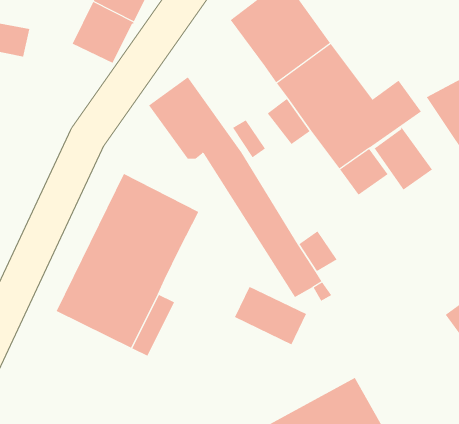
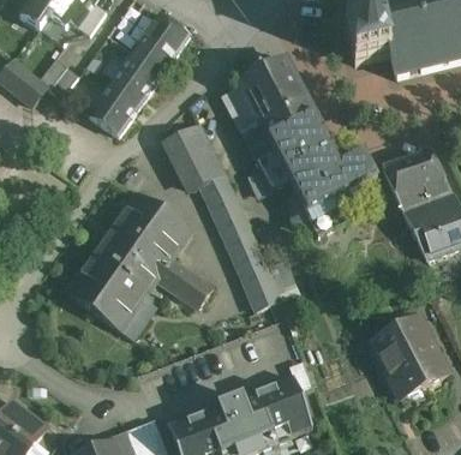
building: none -> [221,85,258,133]
building: none -> [88,83,139,134]
building: [374,127,433,191] -> none
building: [234,286,307,345] -> [155,257,212,309]

